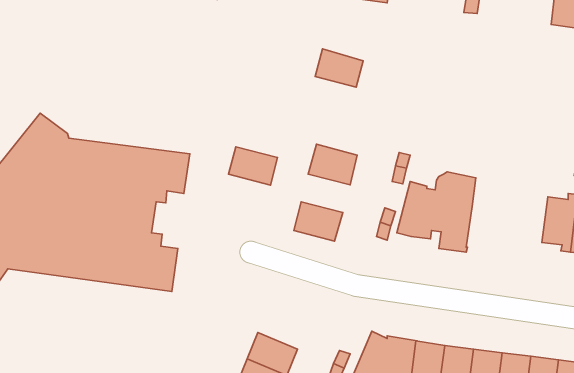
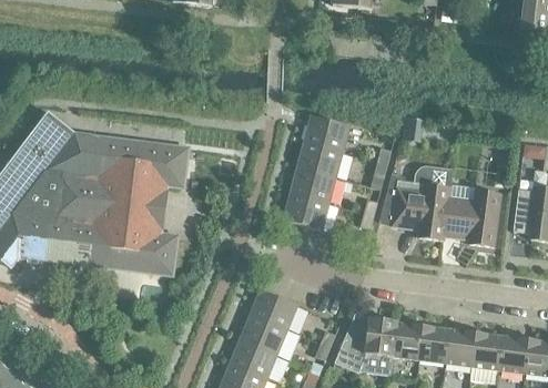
building: [315,49,363,87] -> [305,113,349,149]
building: [229,147,278,185] -> [291,166,336,202]
building: none -> [444,188,501,245]
building: none -> [251,287,298,328]

